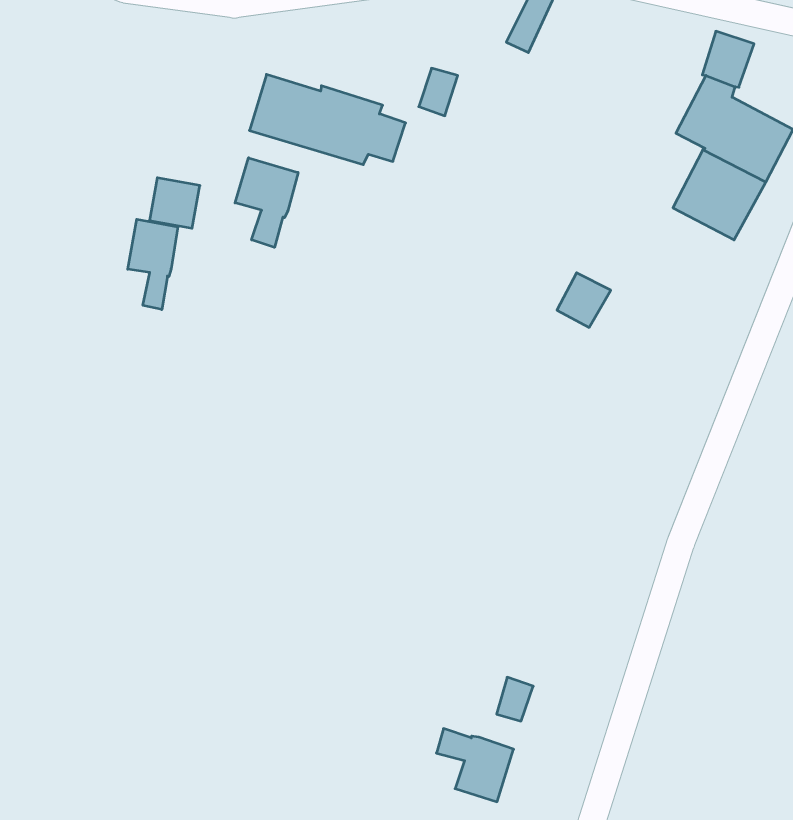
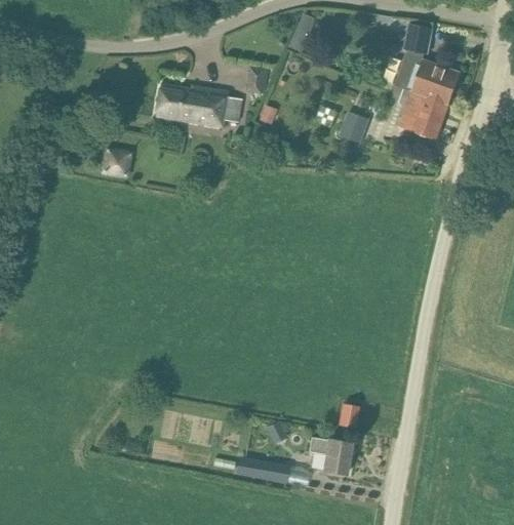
building: [235,158,298,247] -> none
building: [128,219,178,310] -> none
building: [557,273,611,327] -> [340,112,368,142]
building: none -> [240,457,287,484]

